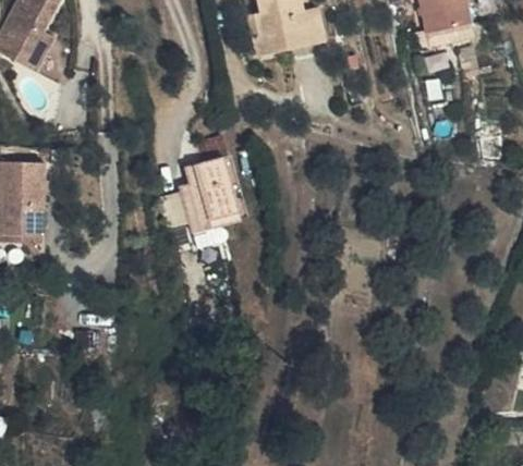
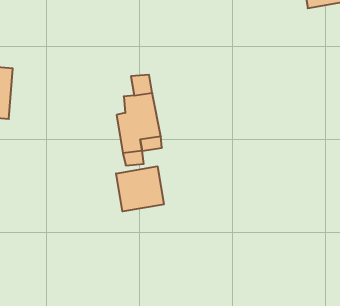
building: none -> [116,166,164,211]

